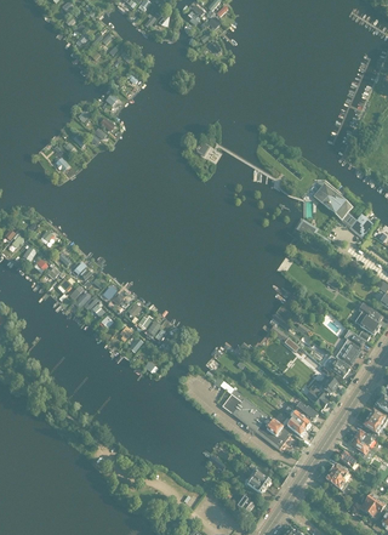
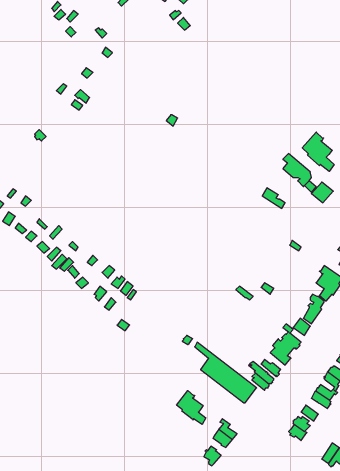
building: none -> [302,132,334,171]
building: none -> [177,391,206,424]

